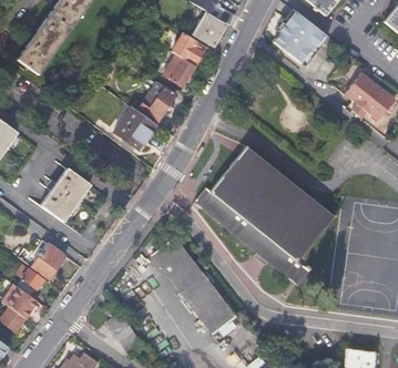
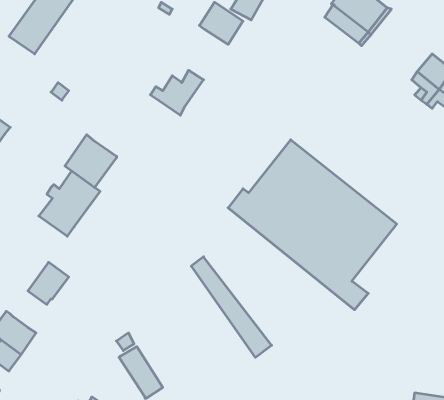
building: [163,53,195,85] -> none
building: [114,105,156,149] -> [65,135,117,188]
building: [151,246,217,329] -> none
building: [18,264,45,296] -> none

